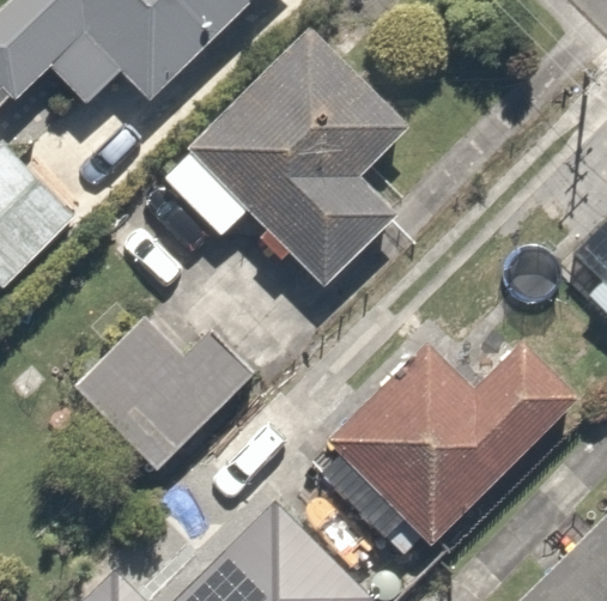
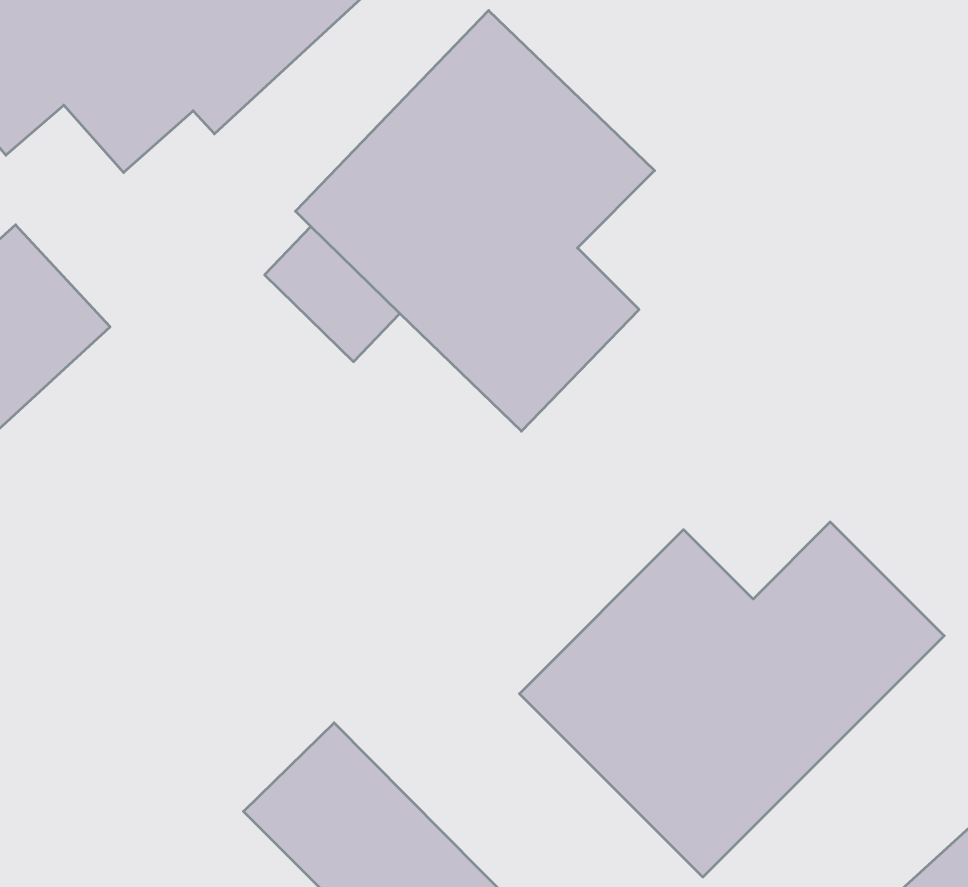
building: [69,316,257,479] -> none

